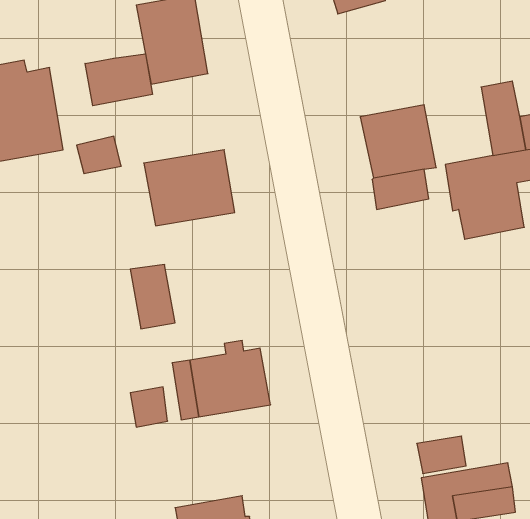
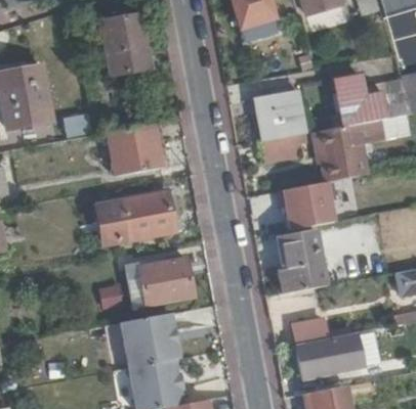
building: [85,54,152,106] -> none
building: none -> [280,182,336,227]
building: none -> [121,190,182,239]
building: none -> [278,232,327,293]
building: none -> [120,313,178,366]

